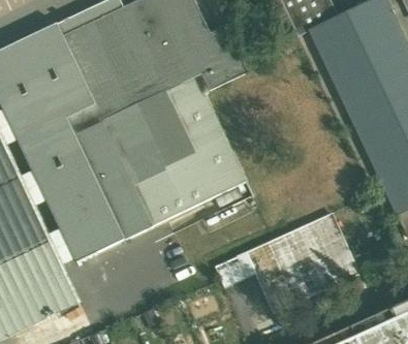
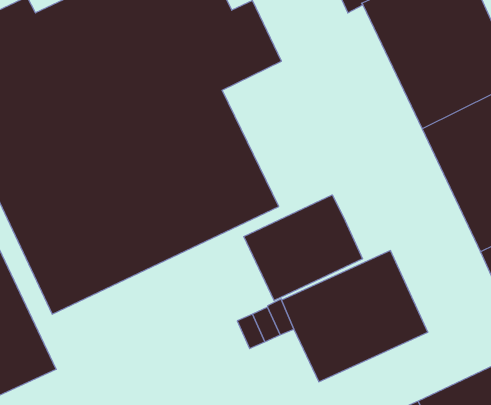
building: none -> [244,195,362,301]

